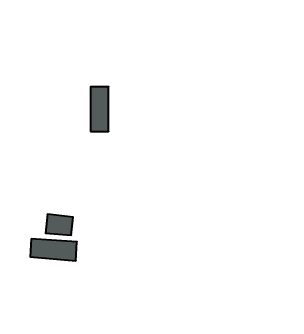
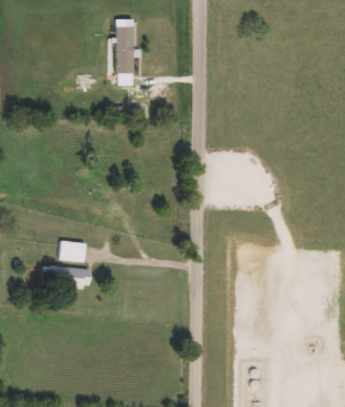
building: [91,87,109,131] -> [115,26,134,73]

